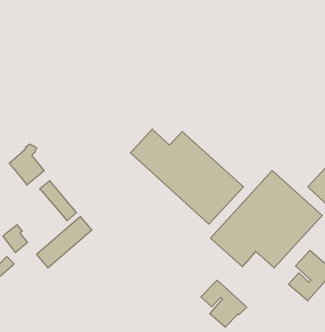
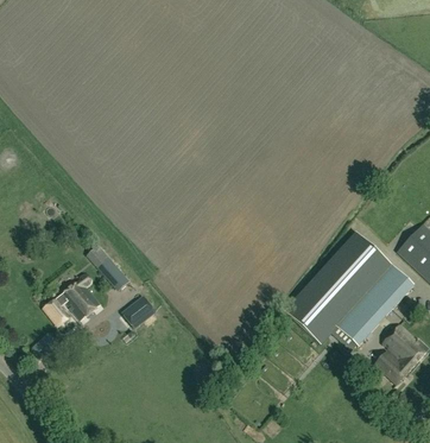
building: [130,129,243,224] -> none
building: [9,144,44,185] -> [59,273,100,321]
building: [201,280,247,327] -> none

